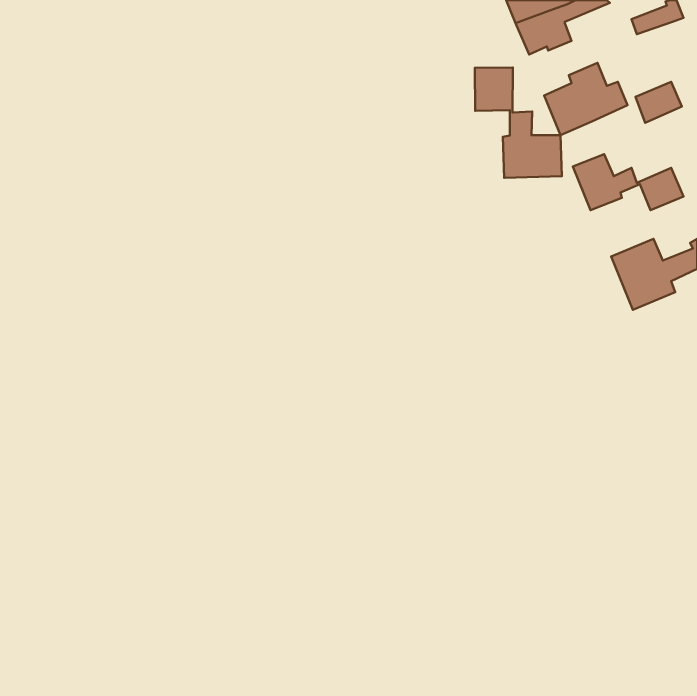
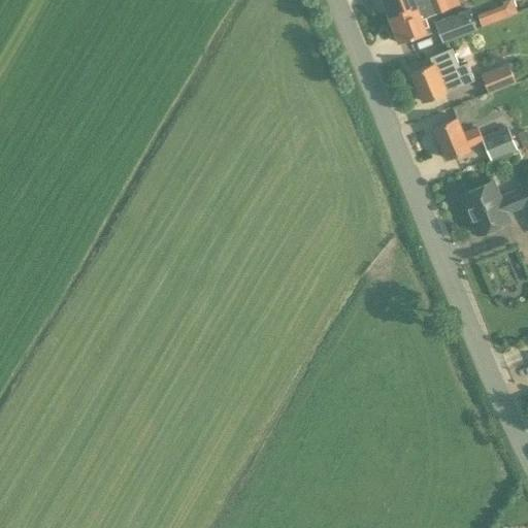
building: none -> [435,10,475,42]
building: [475,67,562,178] -> none

